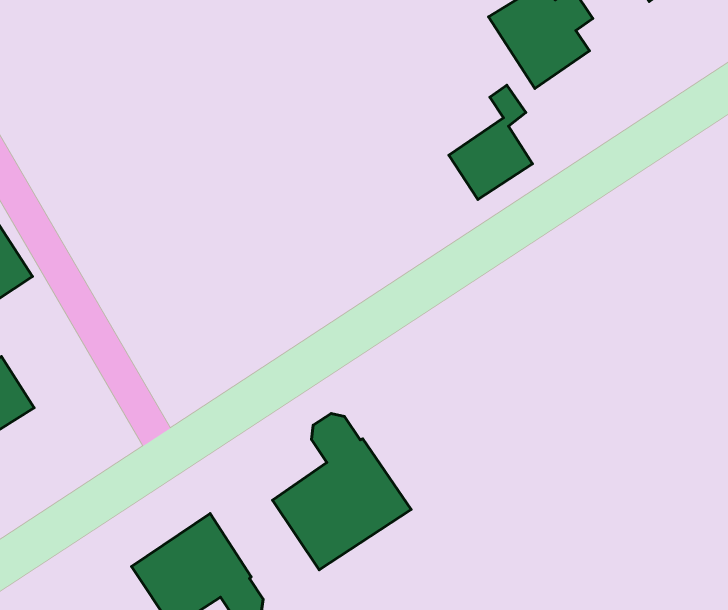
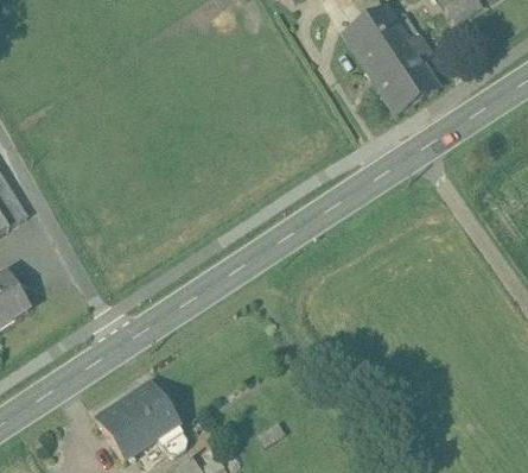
building: [449,85,533,200] -> [377,34,435,114]
building: [273,413,411,570] -> none

